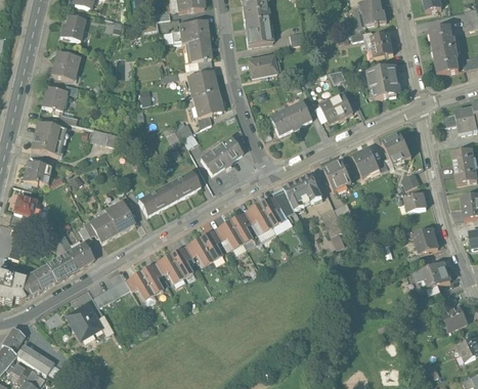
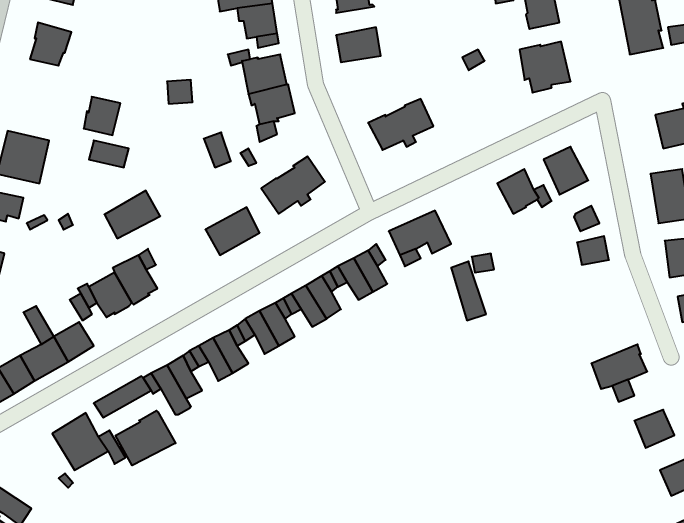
building: [41,86,64,111] -> [84,97,120,135]
building: [319,92,352,122] -> none
building: [323,160,350,188] -> none
building: [138,185,174,216] -> [104,191,160,238]
building: [411,224,436,249] -> none
building: none -> [116,411,176,465]

